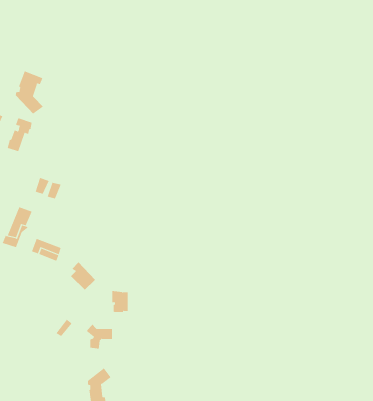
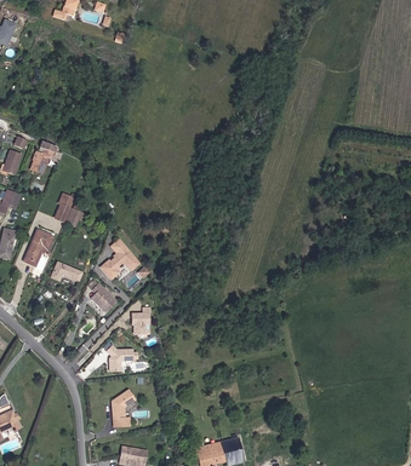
building: [15,70,44,115] -> none
building: none -> [98,240,138,281]

